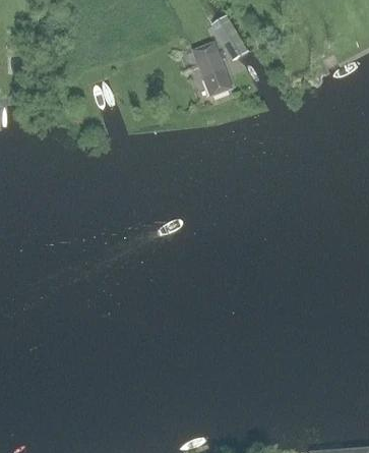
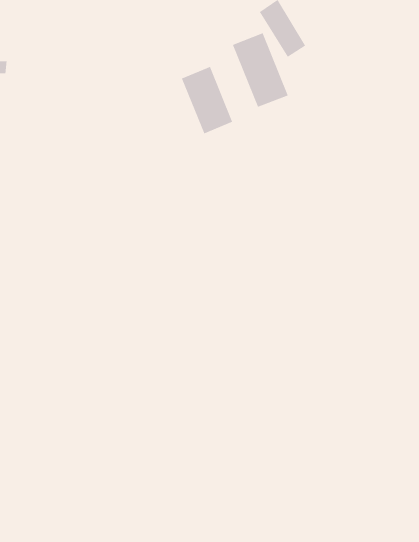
building: none -> [181,66,233,135]

